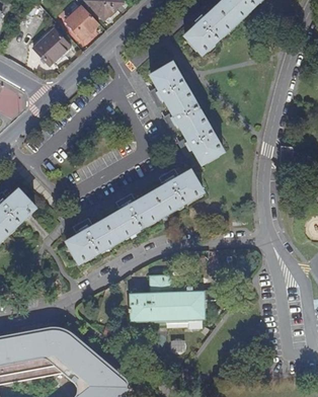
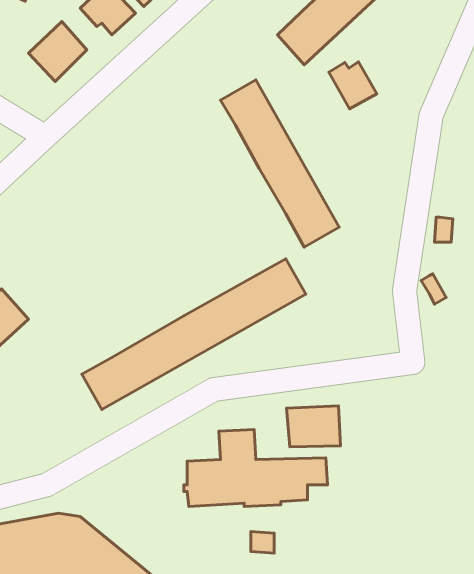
building: none -> [329,62,377,109]
building: none -> [287,406,340,447]

